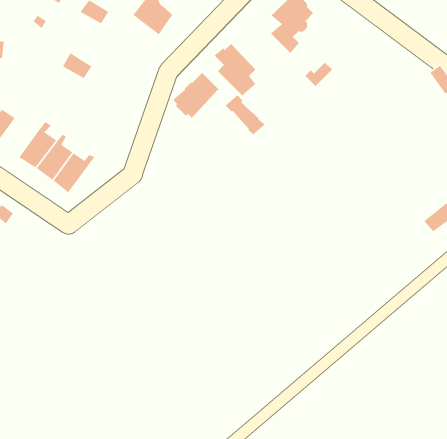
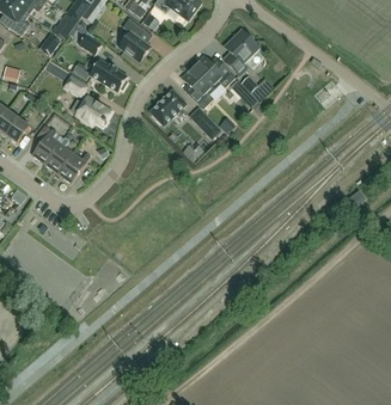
building: none -> [195,54,236,87]
building: none -> [90,57,128,91]
building: none -> [77,94,111,123]

